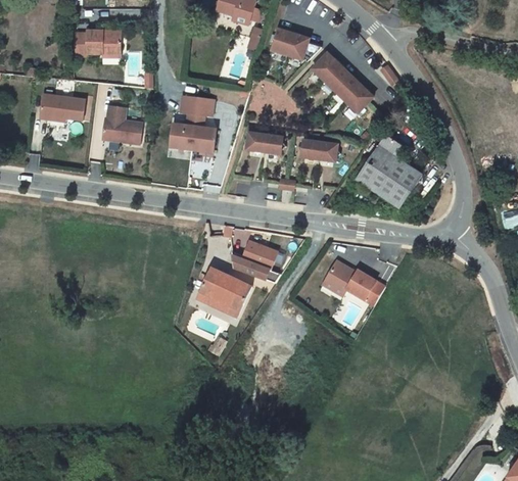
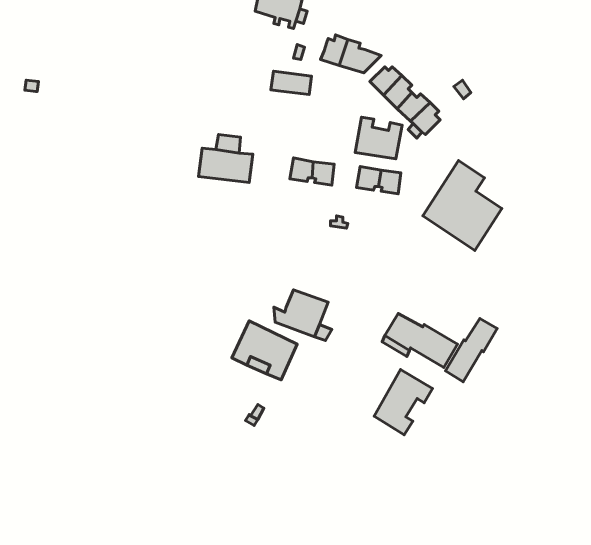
building: [74,31,121,55] -> none
building: [40,94,85,119] -> none
building: [180,96,214,115] -> [271,71,312,95]
building: none -> [355,117,402,159]
building: [102,105,142,144] -> none
building: none -> [445,319,497,382]
building: none -> [374,370,432,435]

